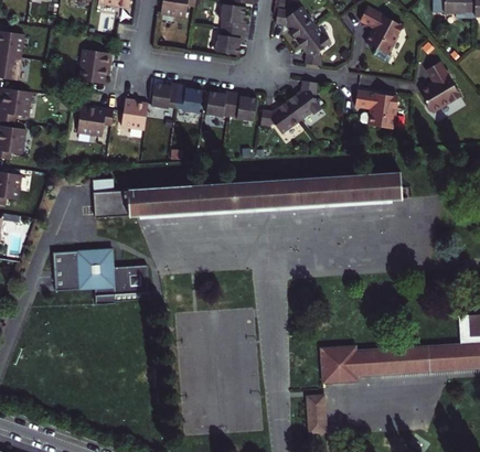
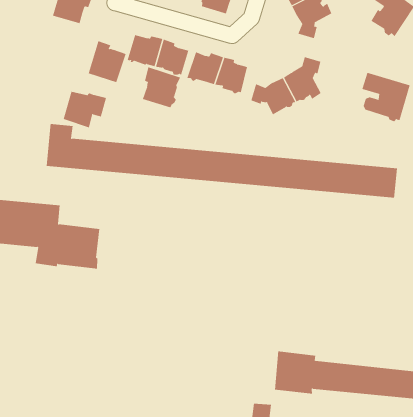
building: [83,108,118,139] -> [63,91,107,128]
building: none -> [142,67,181,108]

